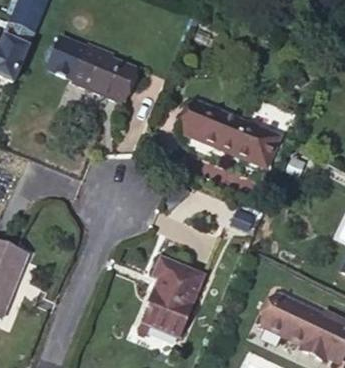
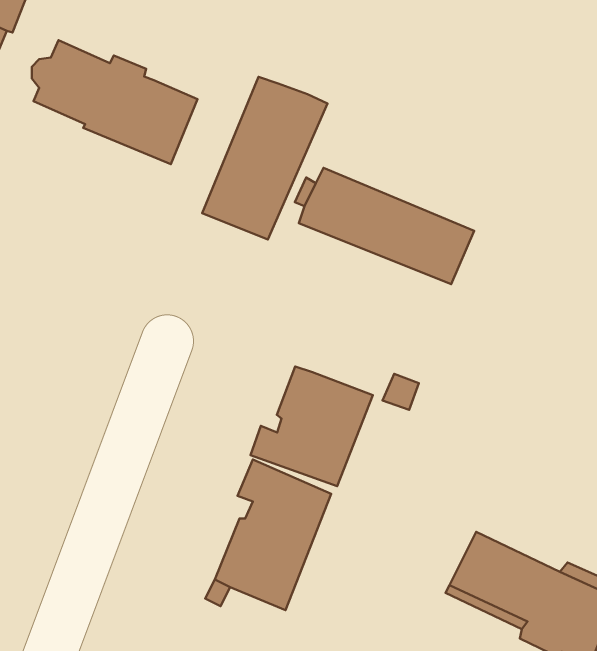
building: none -> [202,77,327,240]
building: none -> [250,367,373,486]

